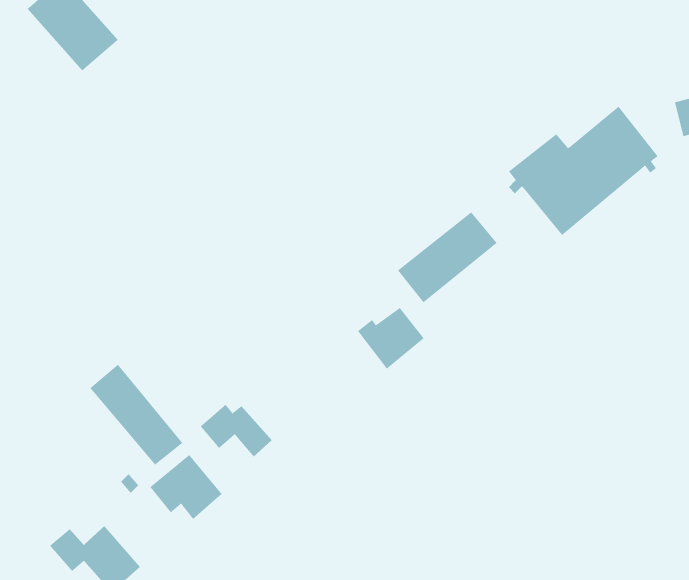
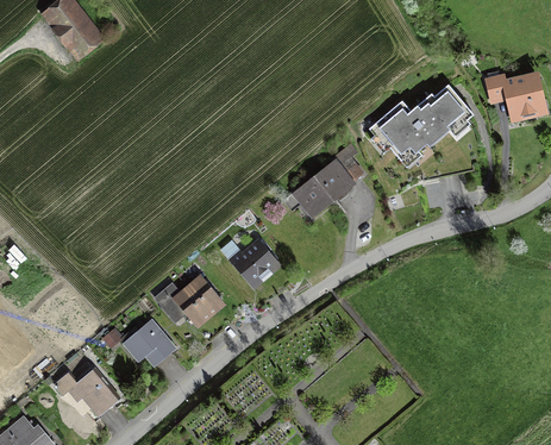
building: [357,307,425,369] -> [231,244,277,287]
building: [90,364,183,466] -> none
building: none -> [187,275,221,311]

